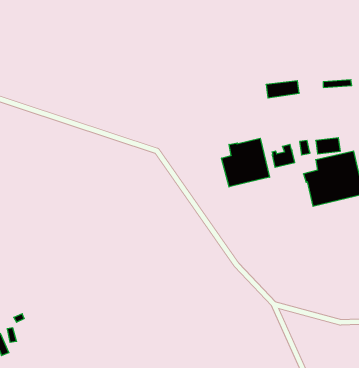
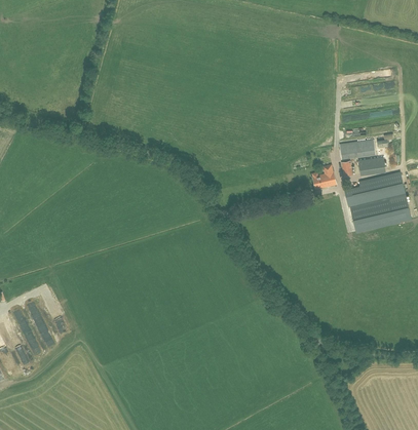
building: [266,81,299,98] -> [339,140,375,158]
building: [222,138,270,187] -> none

